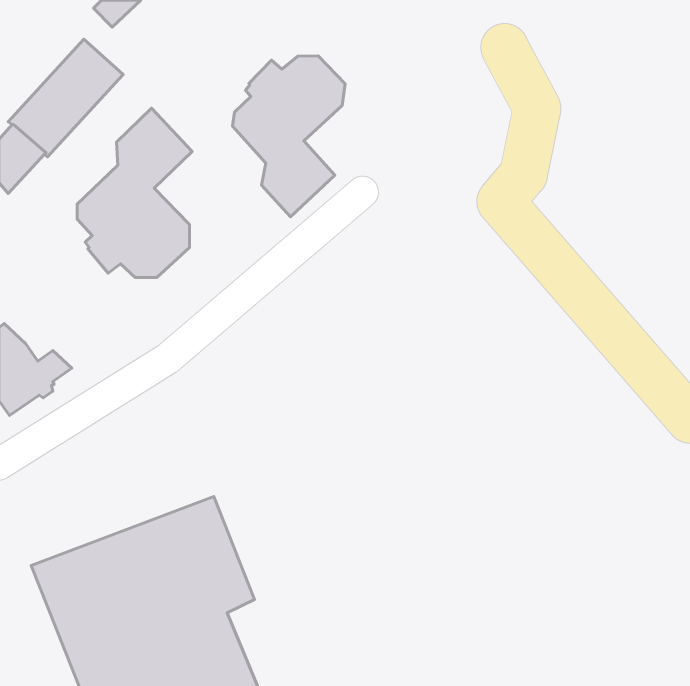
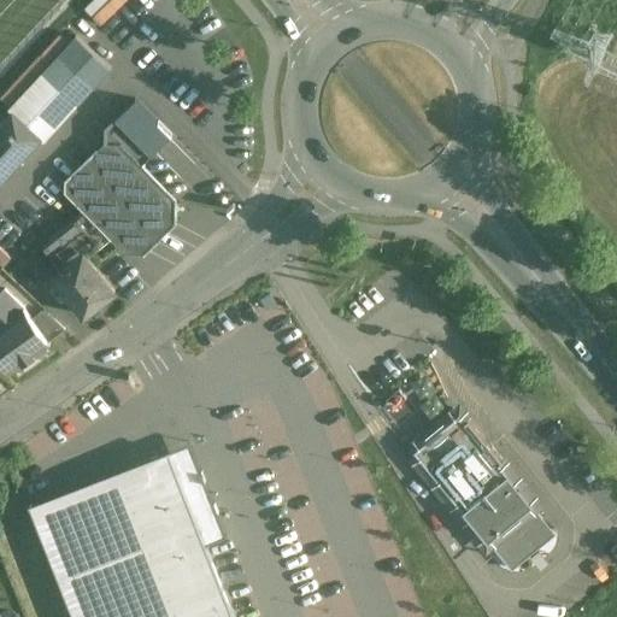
building: [233,56,345,217] -> none
building: none -> [47,217,113,318]
building: none -> [413,413,551,574]

